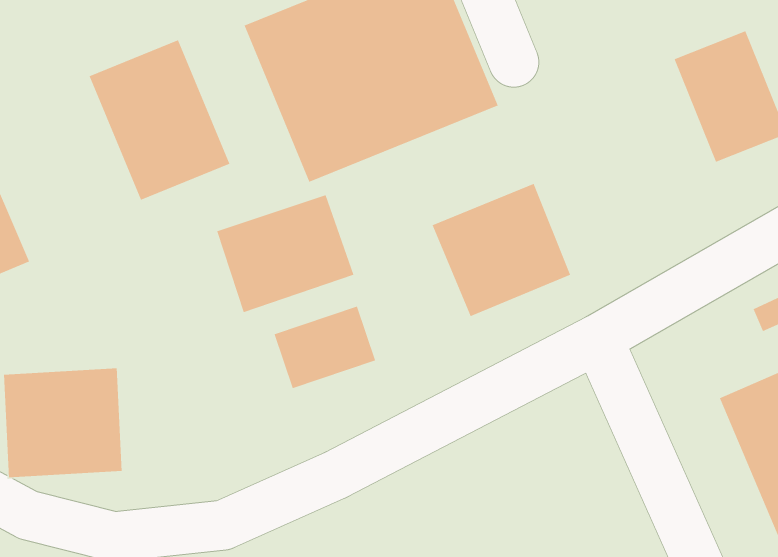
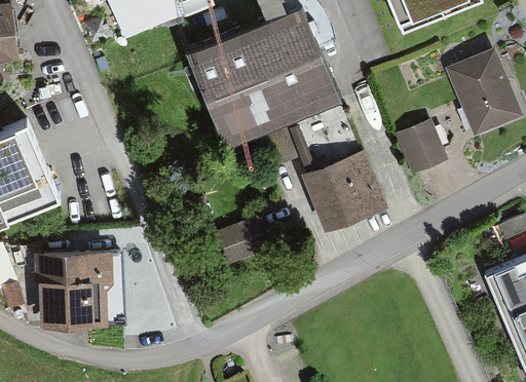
building: [89,39,231,201] -> none
building: none -> [396,123,444,175]
building: [216,194,355,313] -> none

